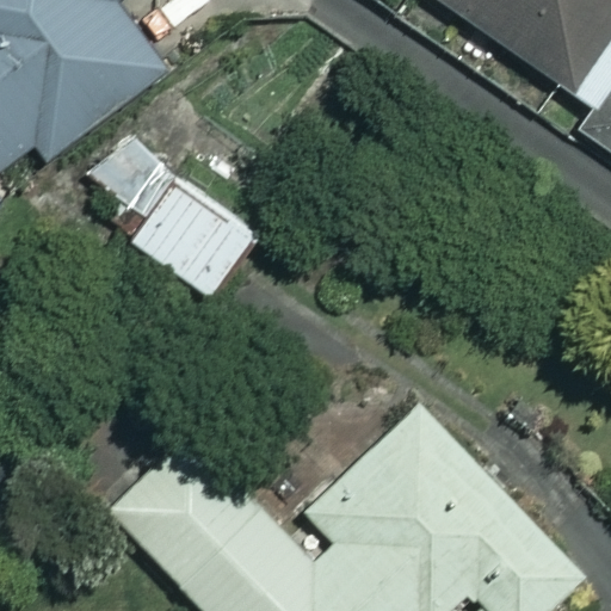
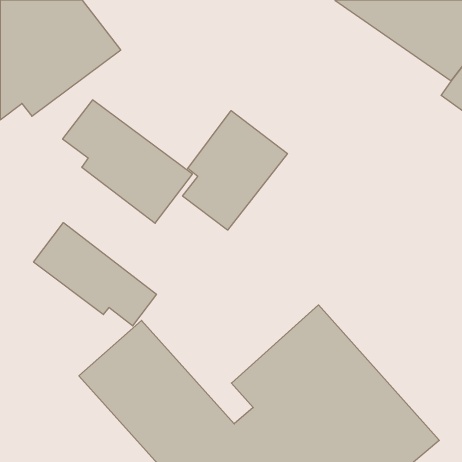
building: none -> [183,111,287,230]
building: none -> [34,223,156,326]

